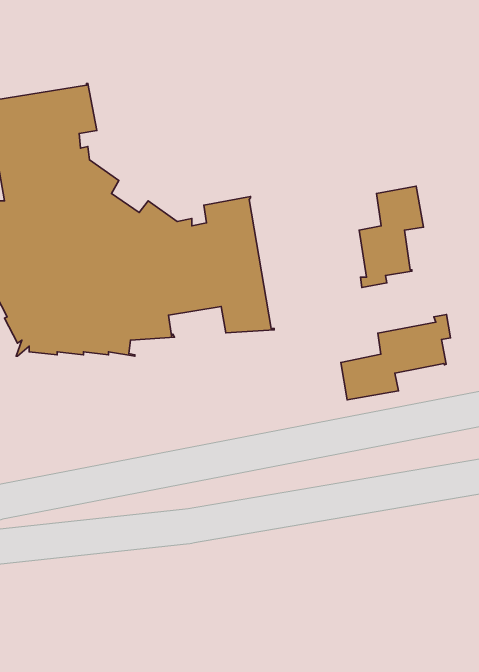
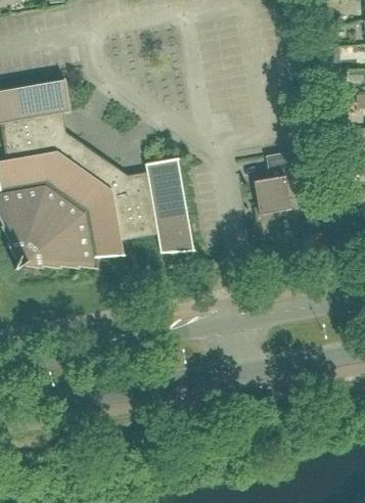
building: [341,314,451,400] -> none

